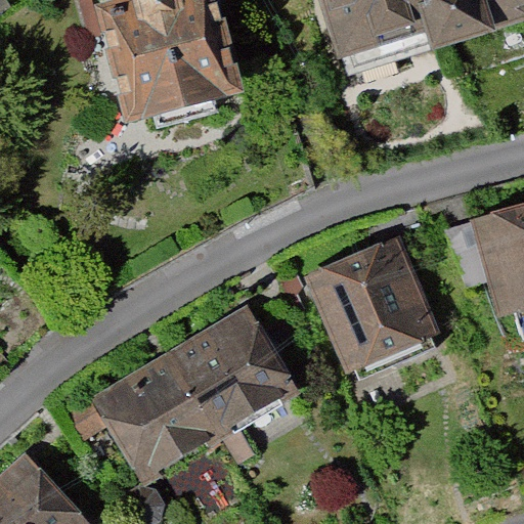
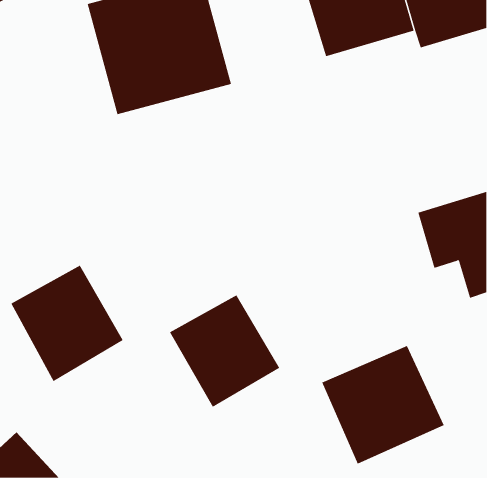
building: [306,236,438,370] -> none
building: [105,352,225,476] -> [11,265,124,382]
building: none -> [321,345,444,464]

